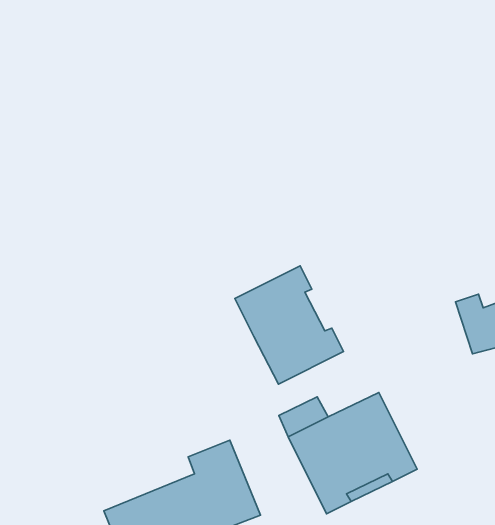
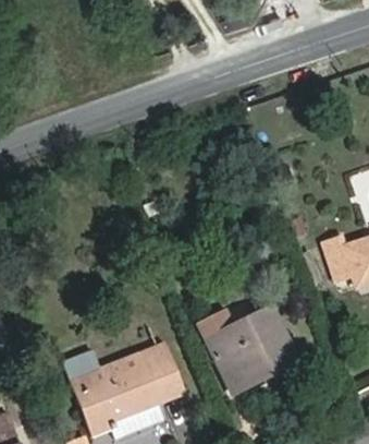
building: [235,266,344,384] -> none
building: none -> [63,349,139,392]

